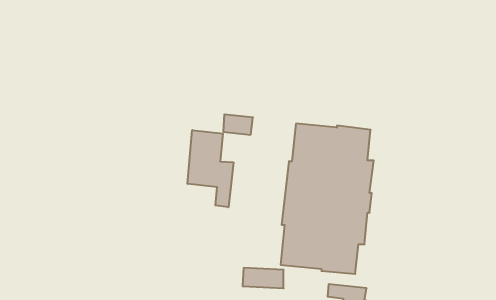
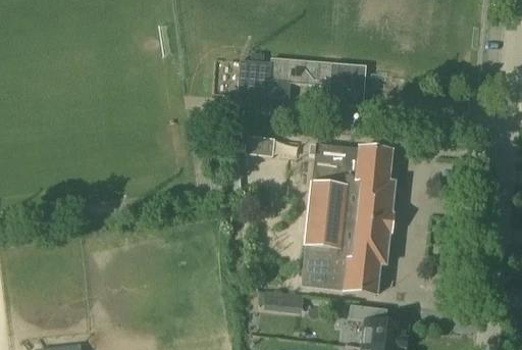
building: none -> [237,57,366,107]
building: [188,130,233,207] -> none

